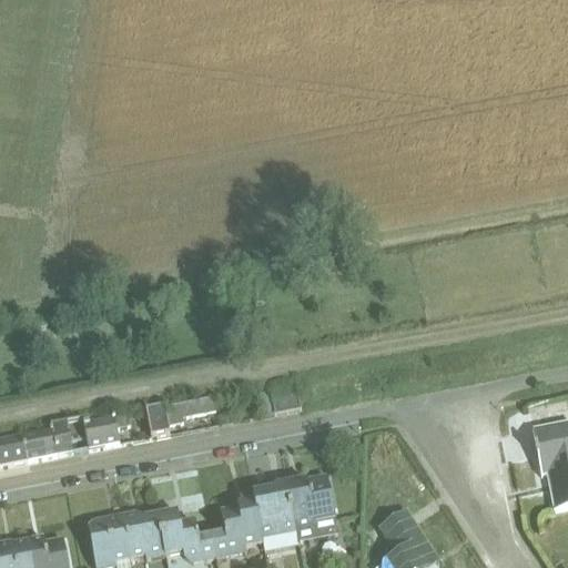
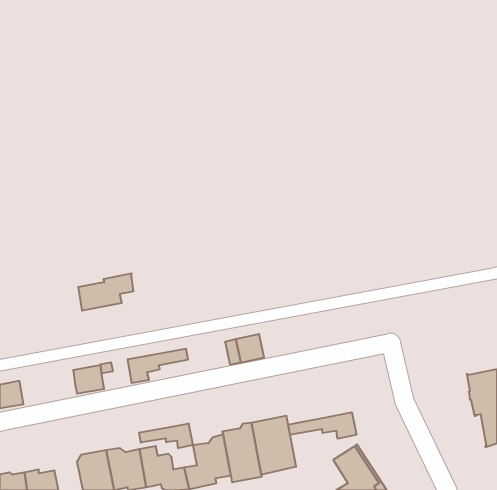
building: [22,418,85,460] -> [78,273,134,311]
building: none -> [288,412,356,439]
building: none -> [139,423,193,448]

